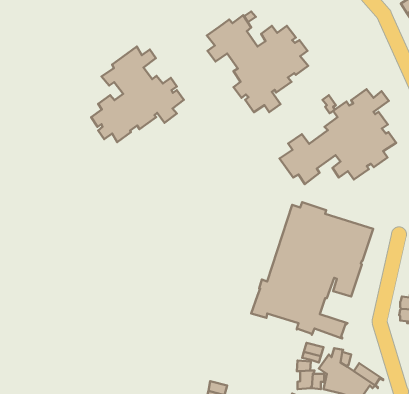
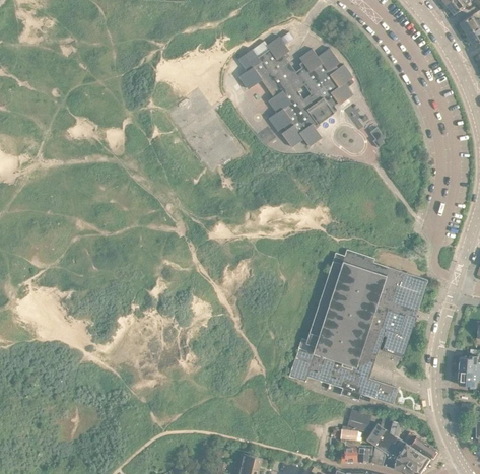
building: [91,47,184,142] -> none
building: [279,89,396,184] -> none

